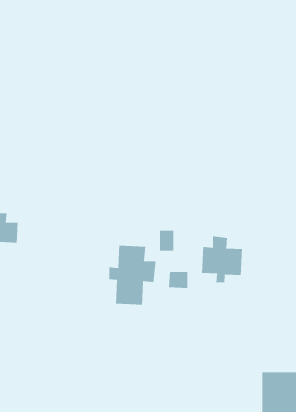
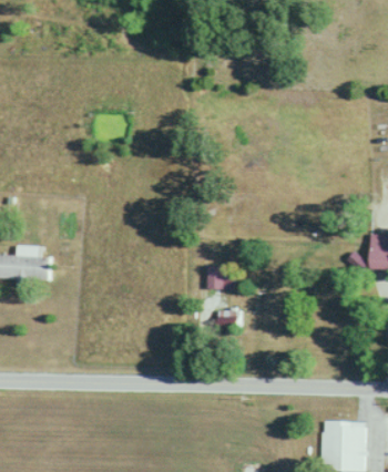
building: [202,236,243,283] -> none
building: [109,245,156,305] -> none

